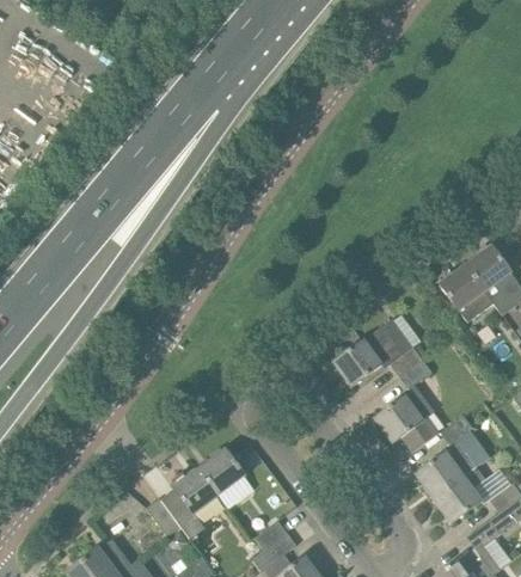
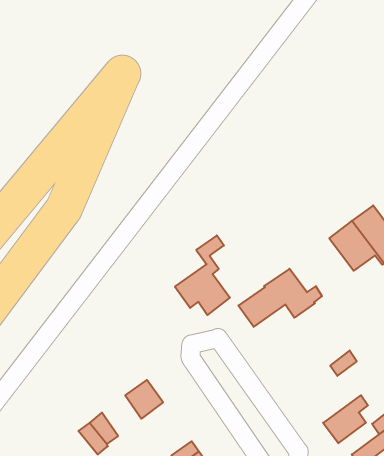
building: [374,360,439,453] -> [175,235,230,315]
building: [415,442,477,499] -> none
building: [173,467,220,515] -> none

